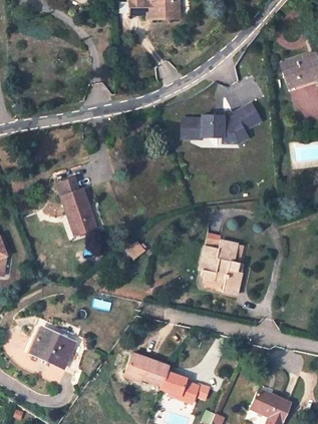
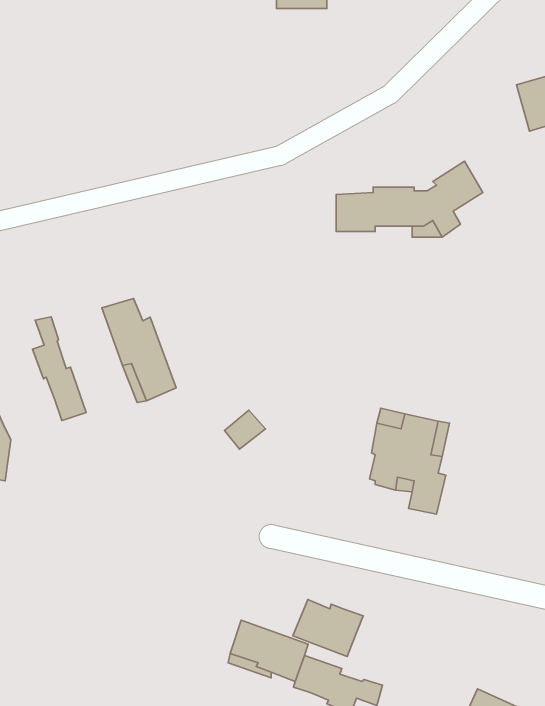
building: none -> [33,317,86,420]
building: [31,328,84,372] -> none
building: none -> [293,599,363,657]

